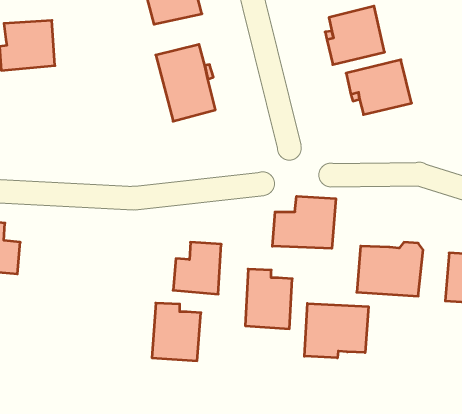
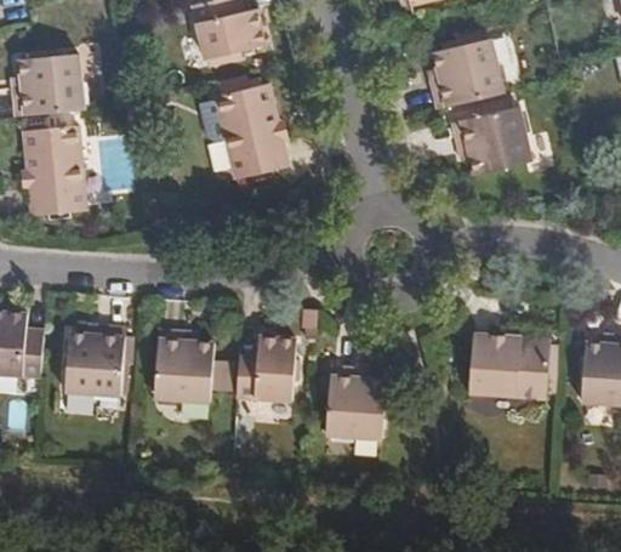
building: none -> [23,126,89,215]
building: [272,196,336,248] -> none
building: none -> [65,326,127,397]
building: [152,303,201,361] -> [153,330,215,403]
building: [304,303,368,358] -> none

